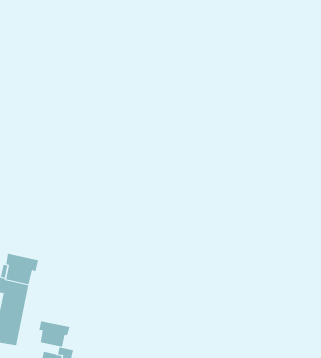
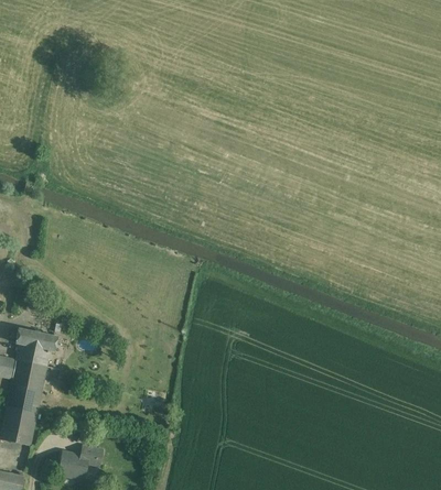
building: [39,321,70,347] -> none

